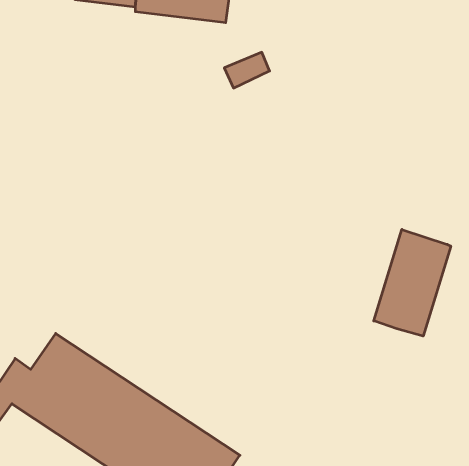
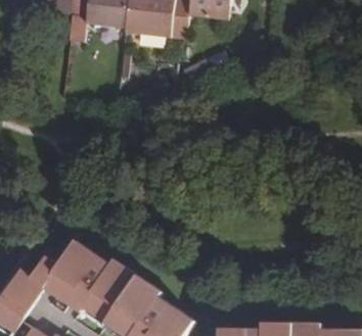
building: [374,229,451,336] -> none

